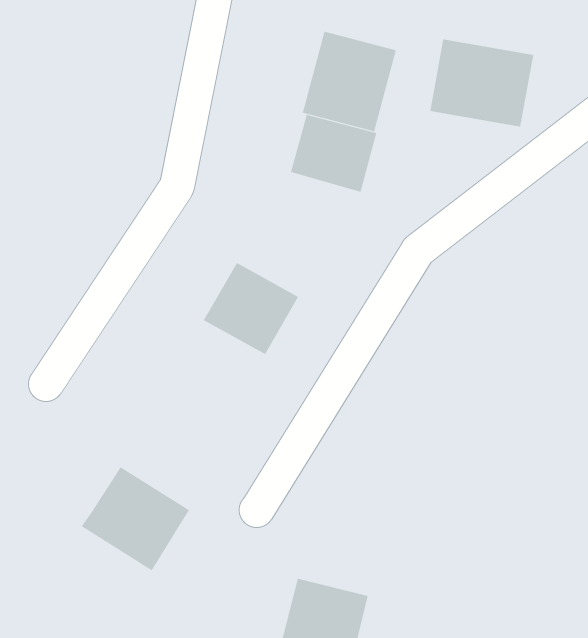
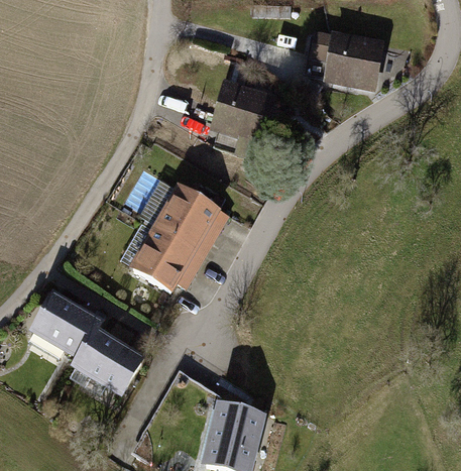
building: [302,31,397,132] -> none
building: none -> [130,224,197,291]
building: none -> [27,287,101,357]

